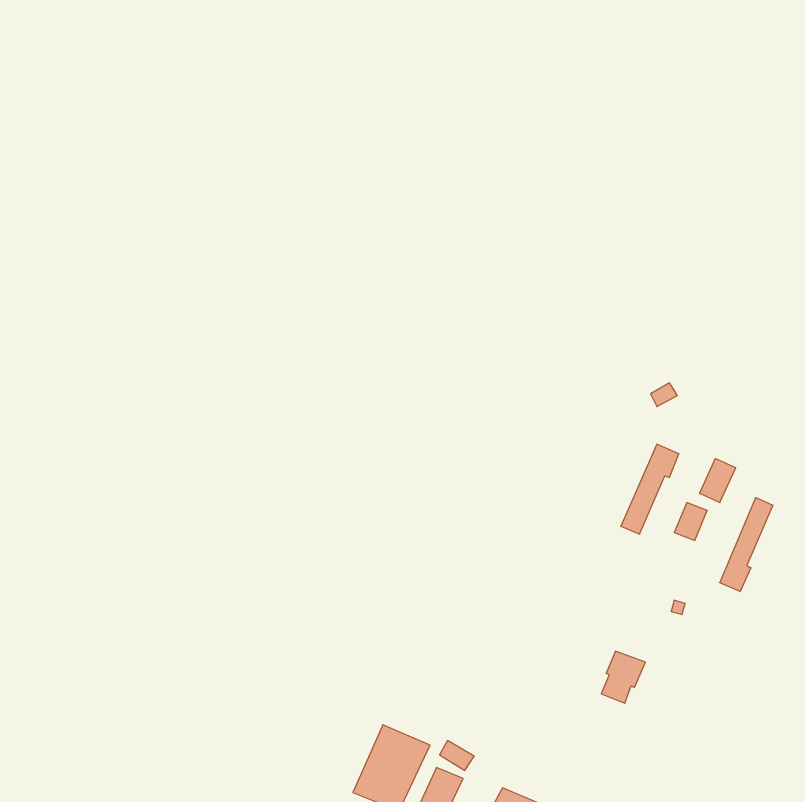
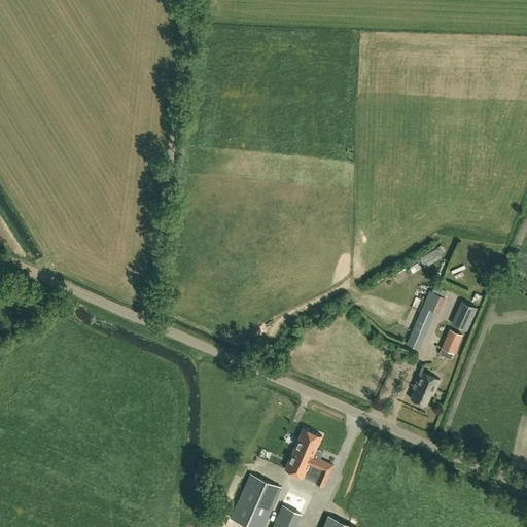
building: [720,498,773,592] -> none
building: [601,651,645,703] -> [411,373,440,407]
building: none -> [284,429,333,488]

